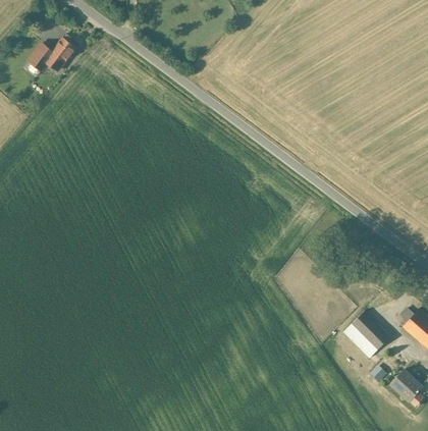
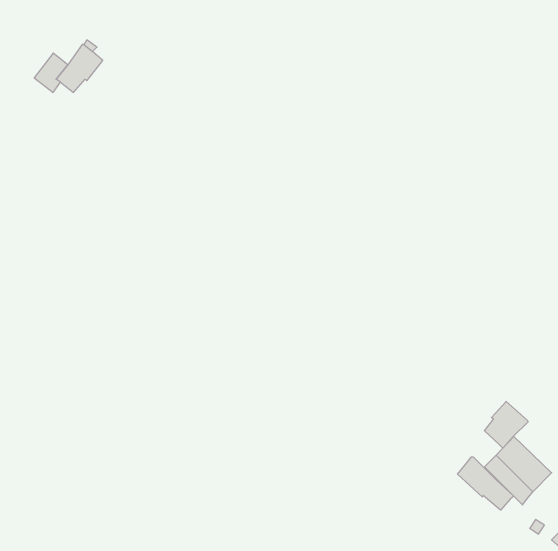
building: none -> [484,401,528,448]
building: none -> [458,457,514,510]

